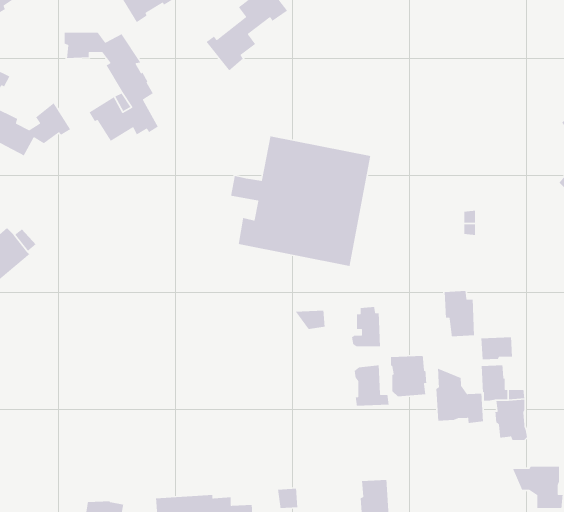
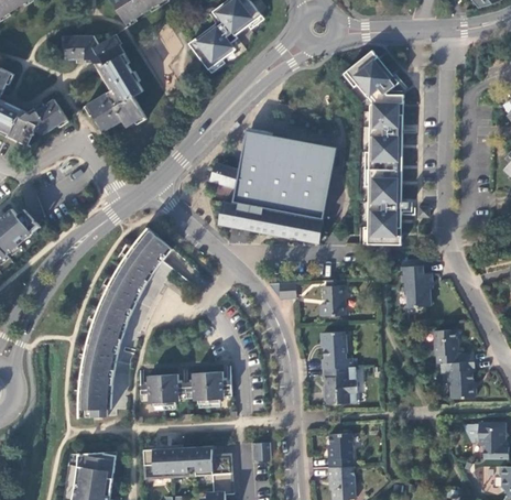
building: none -> [346,50,403,243]
building: none -> [79,227,174,416]
building: [481,337,513,360] -> none
building: [390,355,427,397] -> [323,367,356,404]
building: [436,368,484,424] -> none
building: none -> [138,370,232,405]

